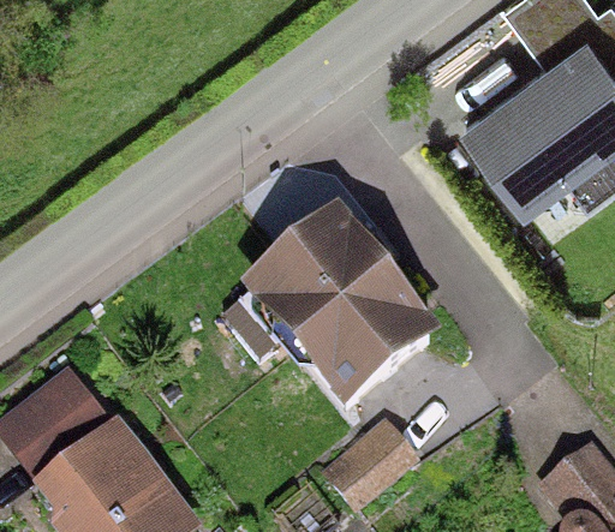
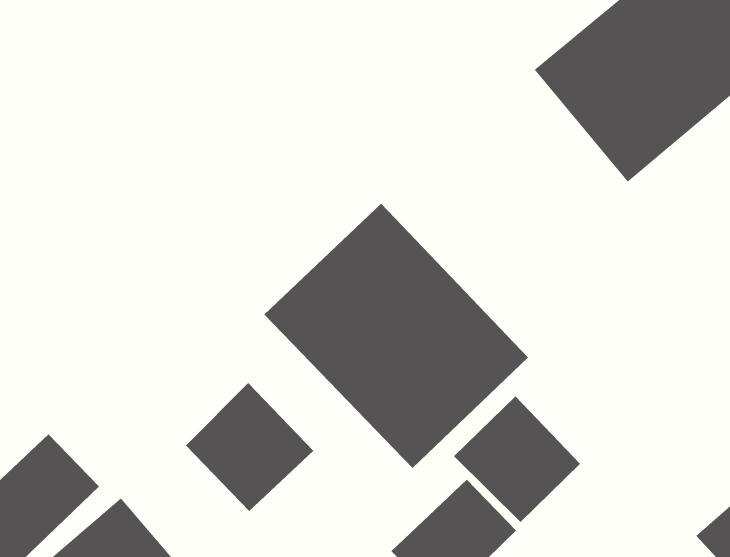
building: none -> [185,382,314,512]
building: none -> [453,395,581,523]

